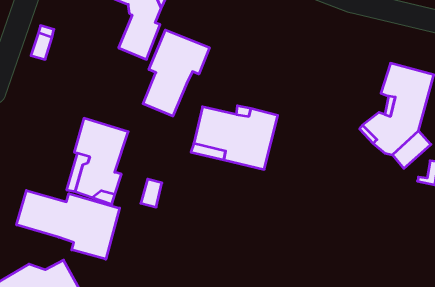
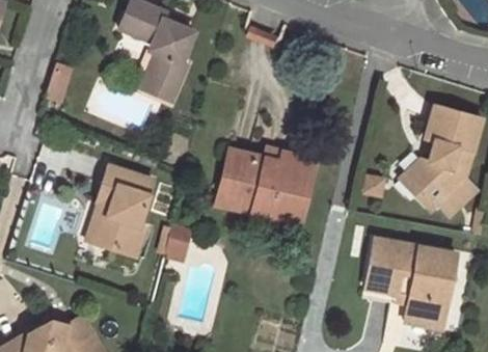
building: [143,30,209,116] -> none
building: none -> [367,238,457,328]
building: [17,190,120,259] -> none

